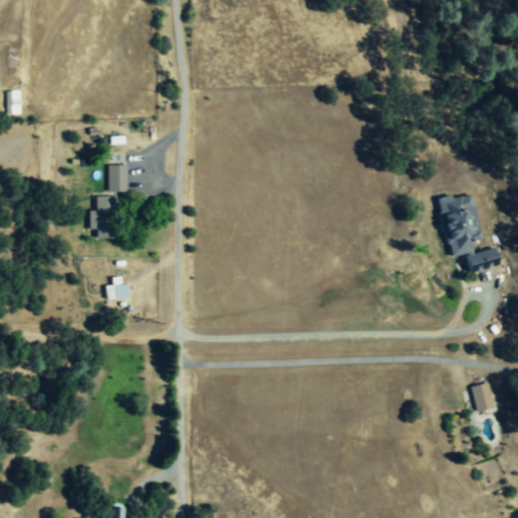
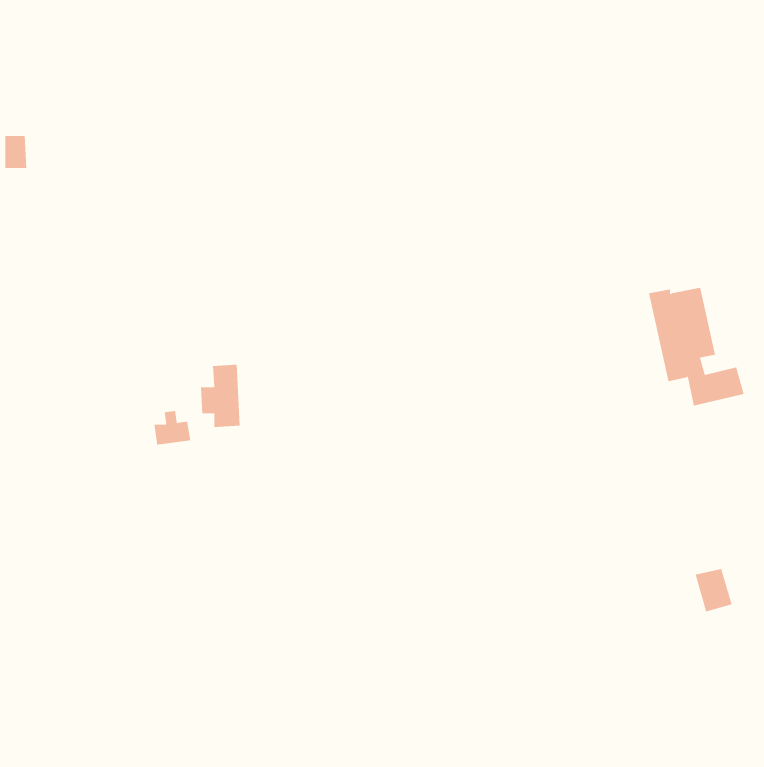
building: [108,165,126,191] -> none
building: [89,195,116,238] -> [200,364,241,427]

